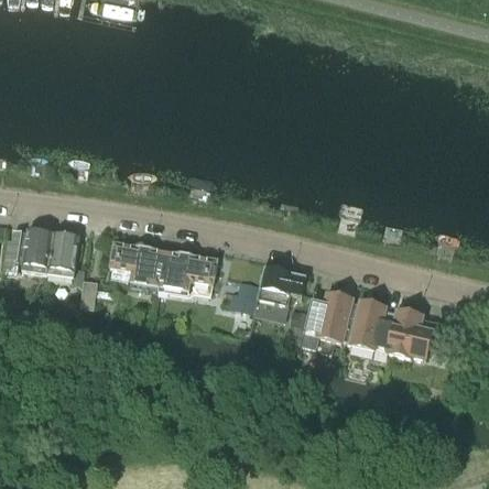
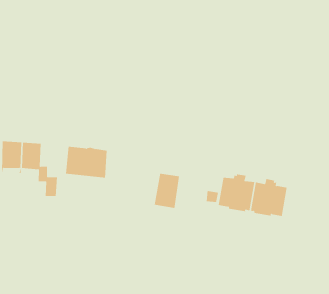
building: [161,250,217,295] -> none
building: [254,264,311,320] -> none
building: [388,307,434,359] -> none

